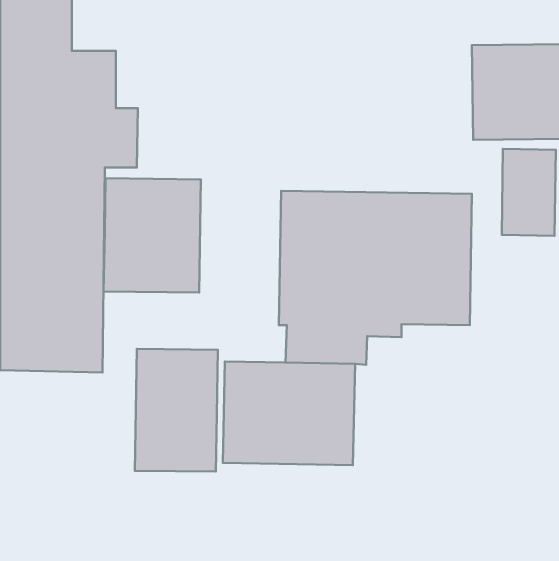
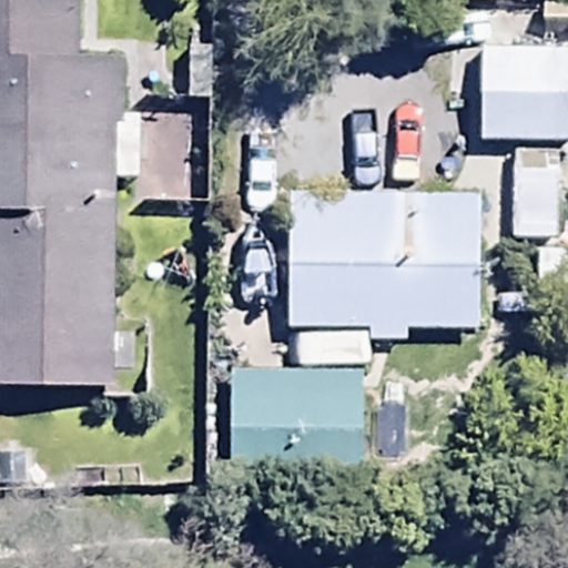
building: [104,178,201,293] -> none
building: [135,349,218,472] -> none

